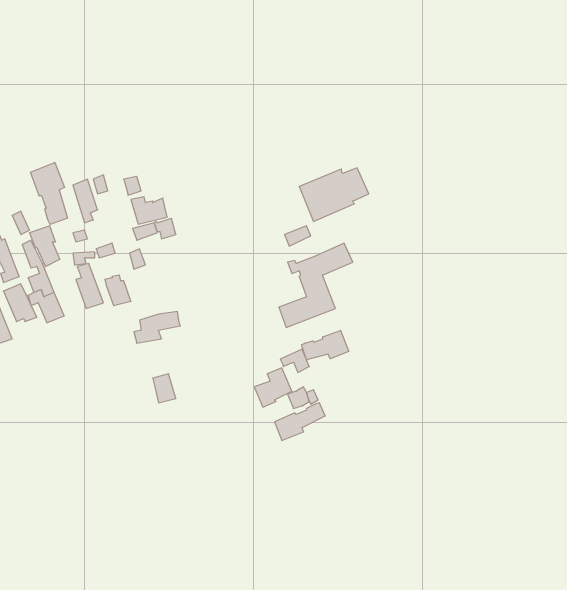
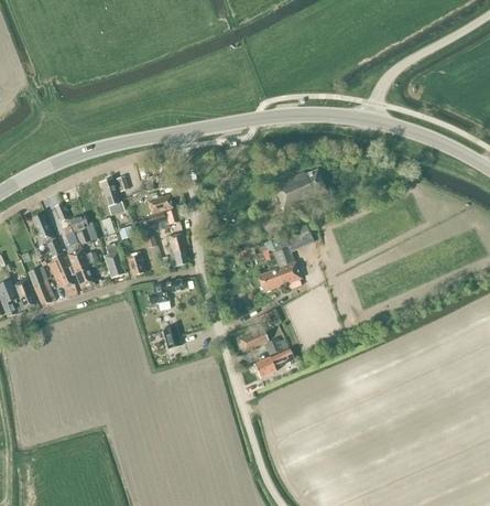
building: [31,162,68,224] -> none
building: none -> [165,232,187,266]
building: [301,330,349,360] -> none

